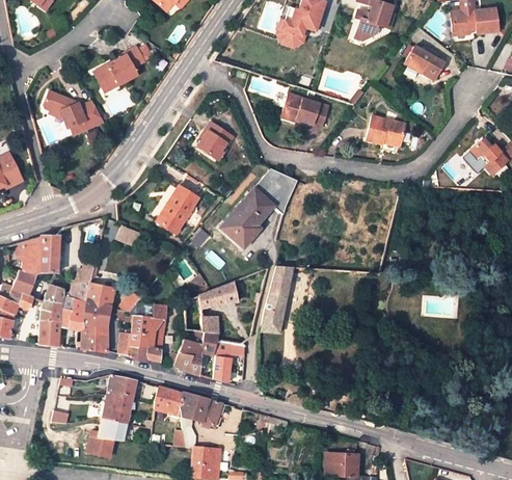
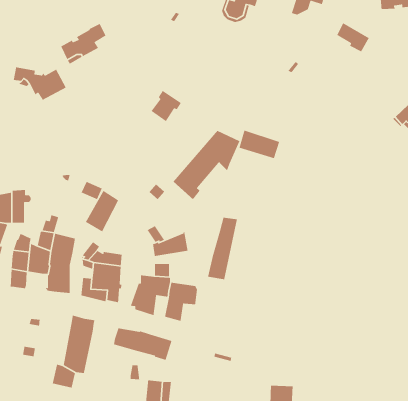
building: [281,94,328,127] -> [238,130,280,159]
building: [366,115,405,143] -> none
building: [159,186,197,234] -> [85,190,119,233]

